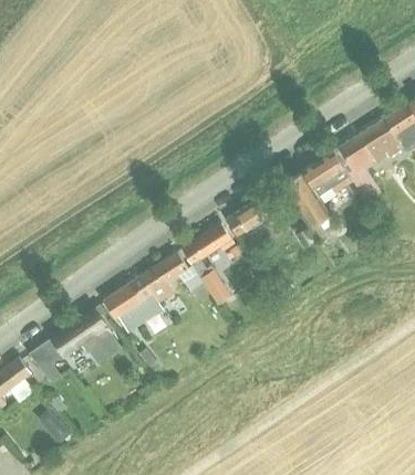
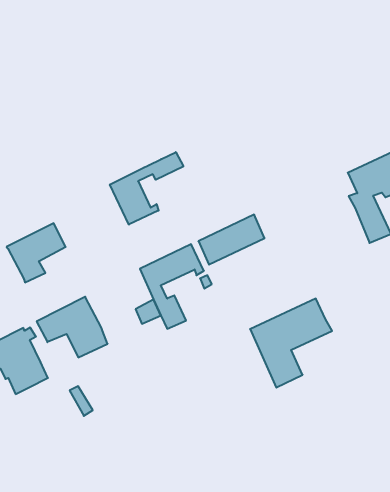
building: none -> [110,152,183,225]
building: [282,151,349,228] -> [250,299,332,388]
building: [139,252,187,303] -> [7,223,66,282]

